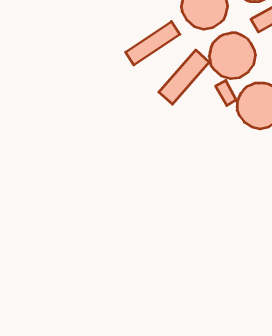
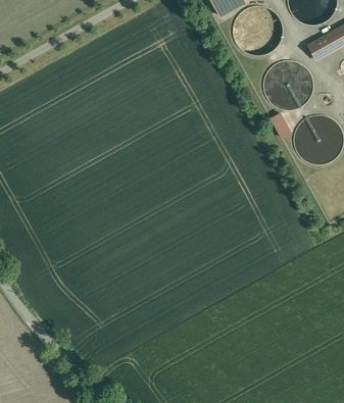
building: [126,21,180,65] -> none
building: [159,50,209,104] -> none

